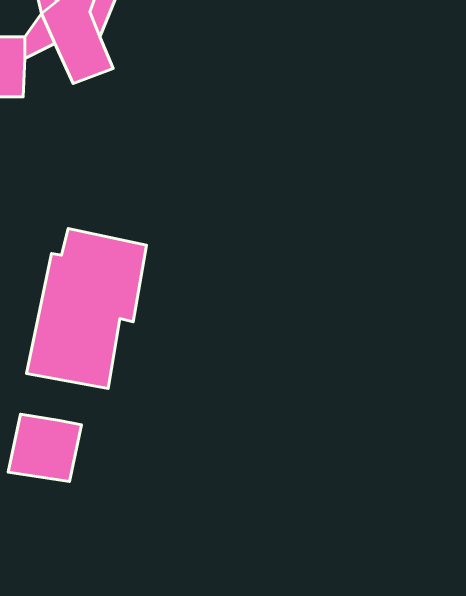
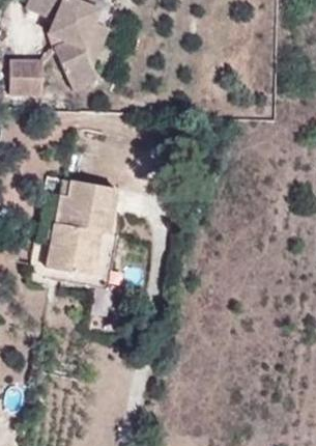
building: [8,414,81,481] -> none

